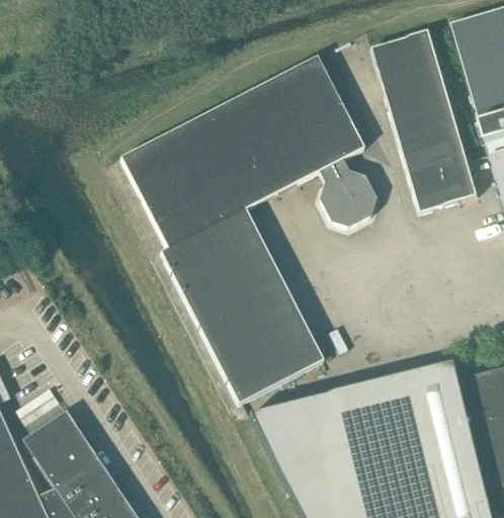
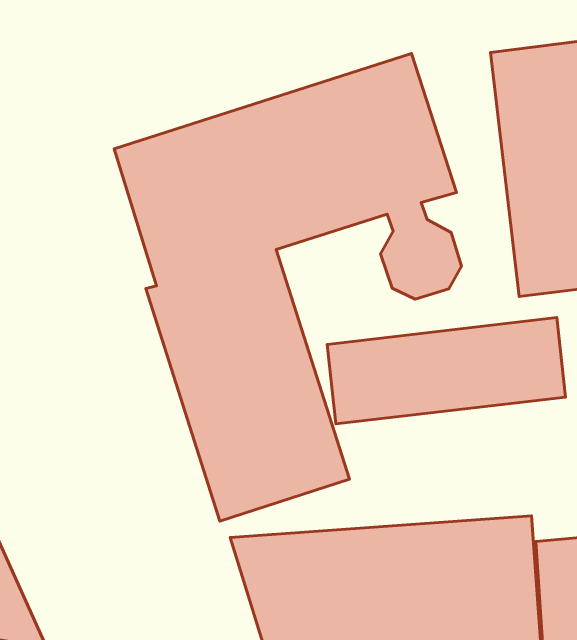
building: none -> [327,318,565,424]

